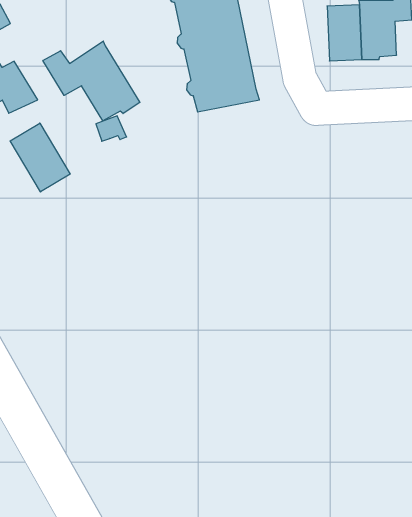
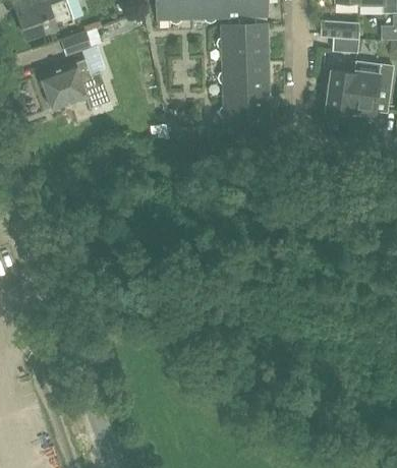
building: [43,41,140,121] -> none
building: [10,123,70,192] -> none

